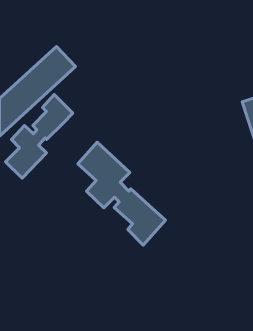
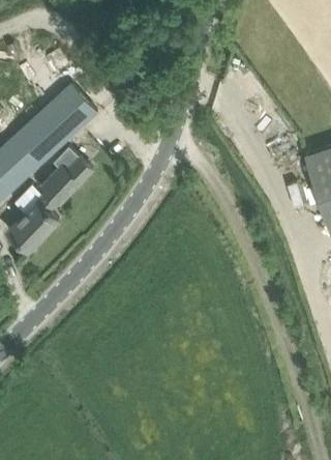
building: [78,142,165,245] -> none

